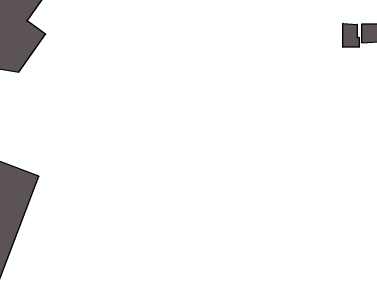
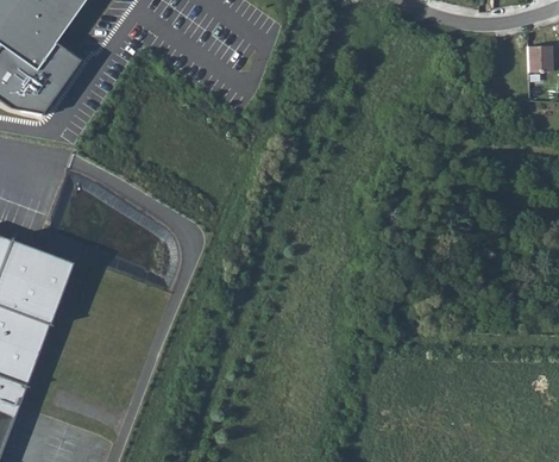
building: [343,23,359,47] -> none

